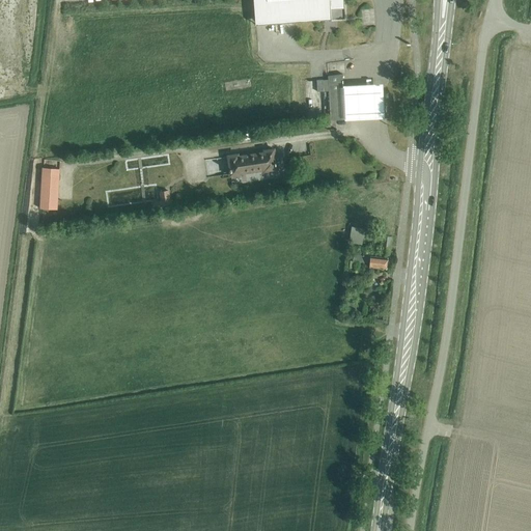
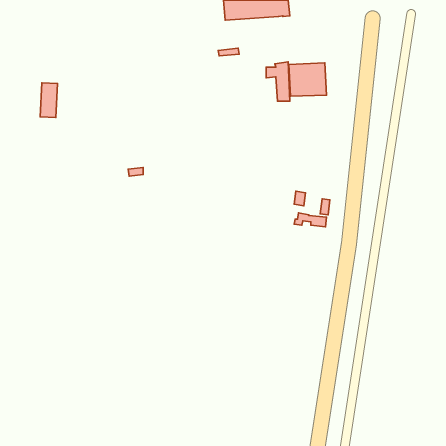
building: [227,149,277,176] -> none
building: [38,167,59,208] -> [40,83,58,118]

